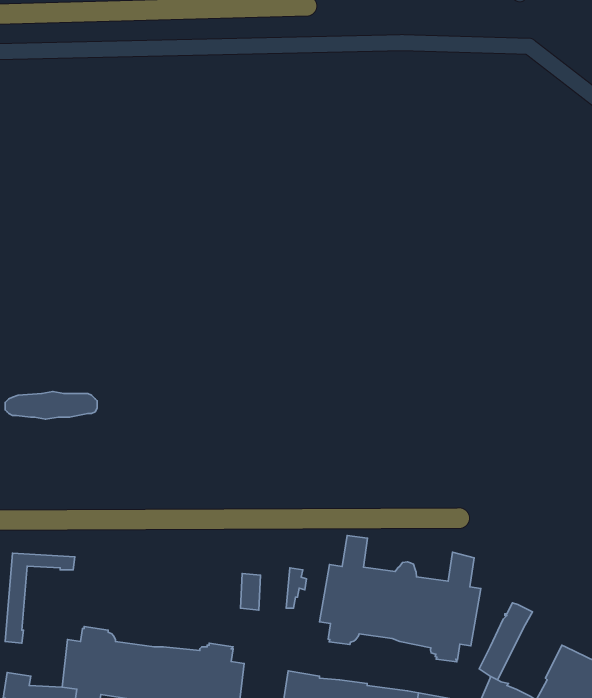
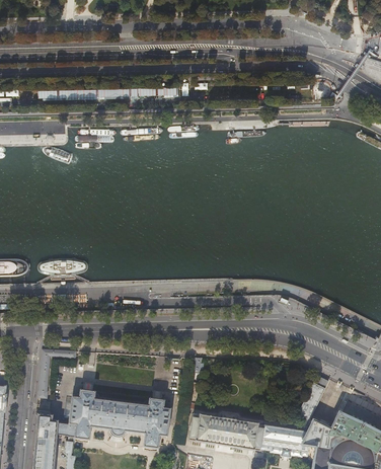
building: [320,535,481,662] -> none

